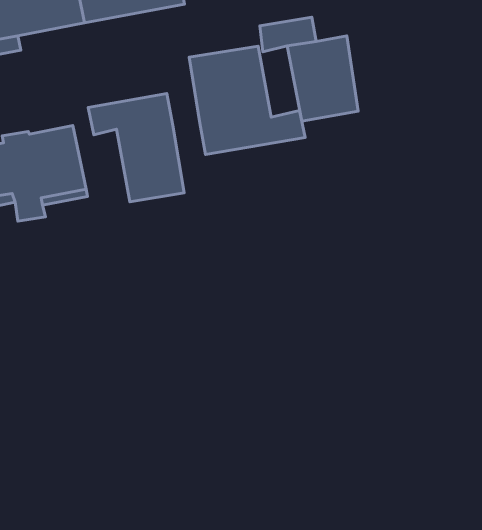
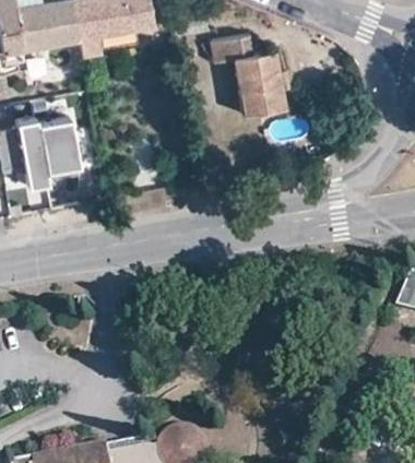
building: [189,46,305,154] -> none
building: [88,93,184,202] -> none

